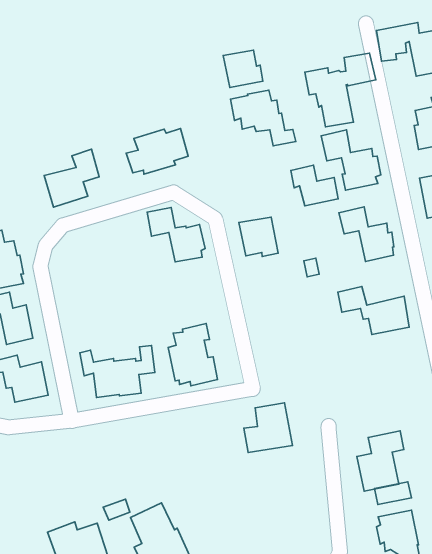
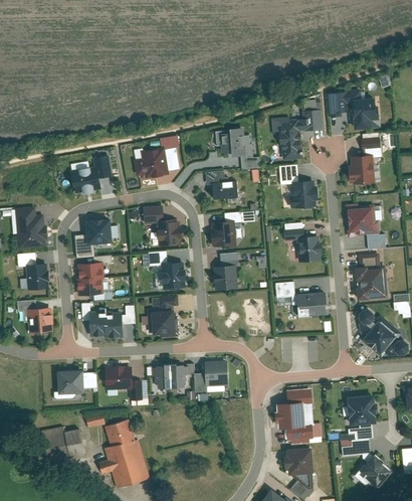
building: [223,50,263,87] -> none
building: [291,165,338,206] -> [206,169,238,198]
building: none -> [74,217,112,257]
building: none -> [213,253,238,290]
building: none -> [149,251,185,289]
building: none -> [76,261,105,295]
building: none -> [146,362,194,388]
building: none -> [105,365,148,400]
building: none -> [57,369,97,393]

